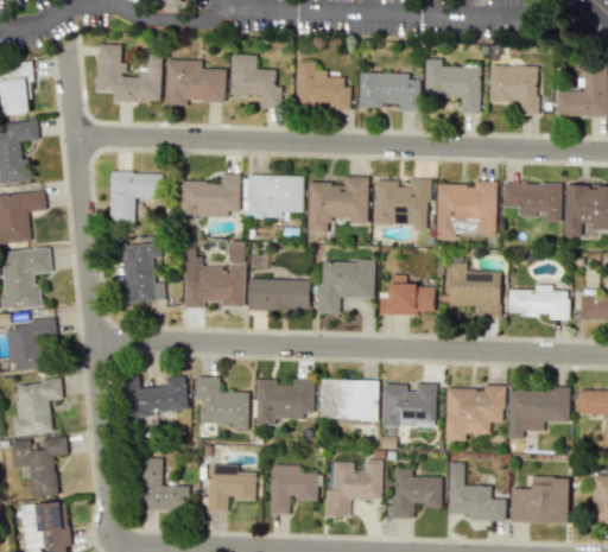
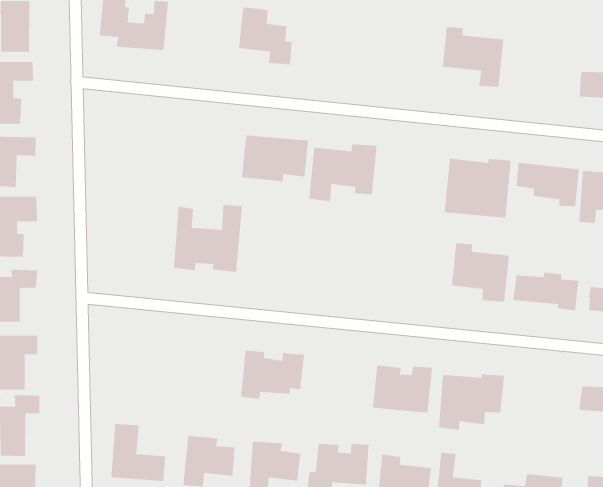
building: [165,59,226,104] -> none
building: [296,61,349,109] -> none
building: [490,65,539,114] -> none
building: [360,71,422,110] -> none
building: [110,172,162,222] -> none
building: [180,172,241,216] -> none
building: [374,177,430,229] -> none
building: [119,241,164,302] -> none
building: [319,260,375,313] -> none
building: [380,274,436,315] -> none
building: [248,278,311,310] -> none
building: [196,375,249,429] -> none
building: [126,376,188,419] -> none
building: [319,379,379,419] -> none
building: [508,387,570,438] -> none

